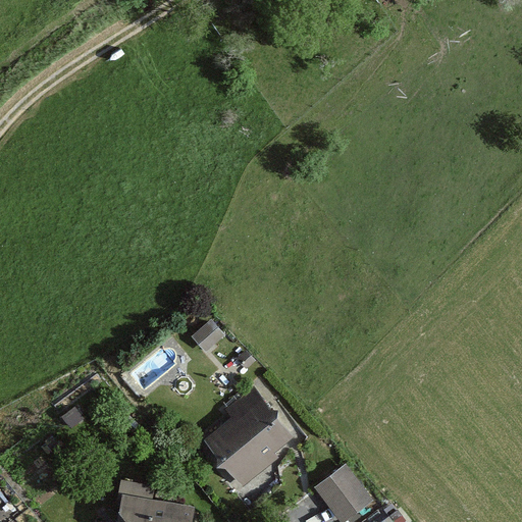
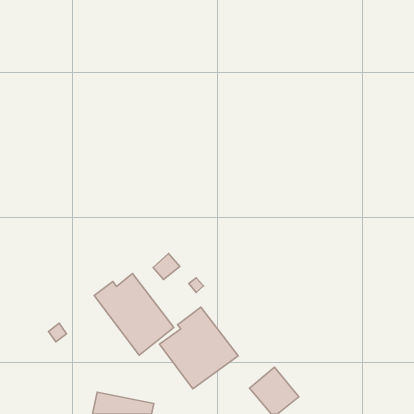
building: none -> [94,274,174,355]

